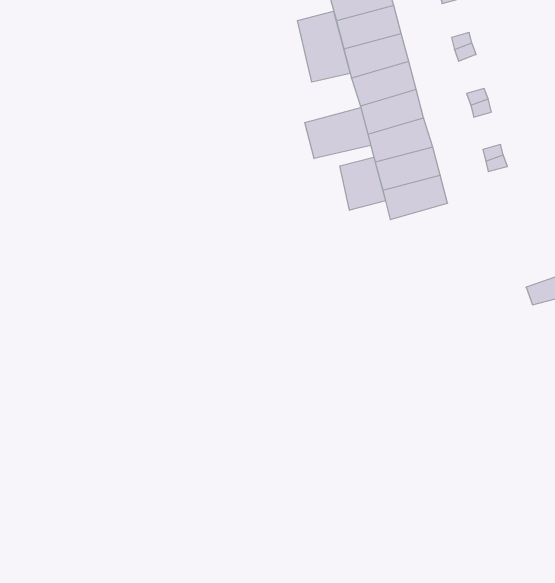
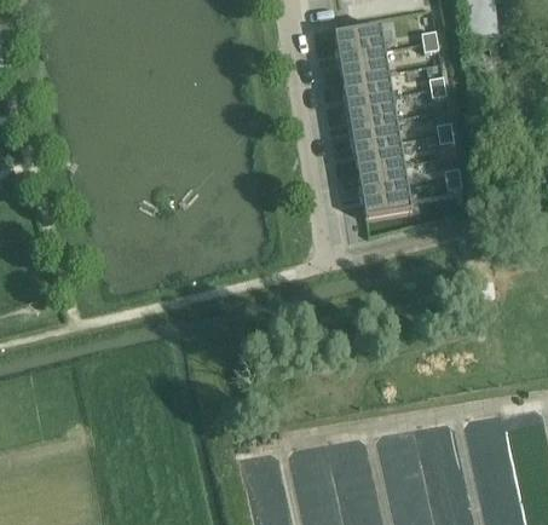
building: [298,11,350,82] -> none
building: [305,108,371,159] -> none
building: [340,157,385,210] -> none

